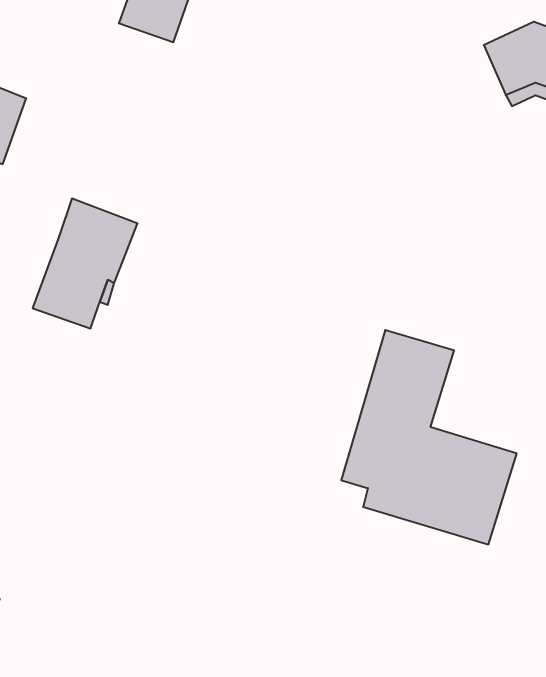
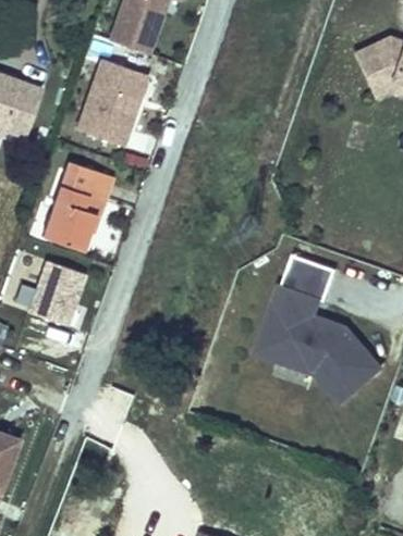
building: none -> [69,55,139,142]
building: none -> [27,258,88,325]

